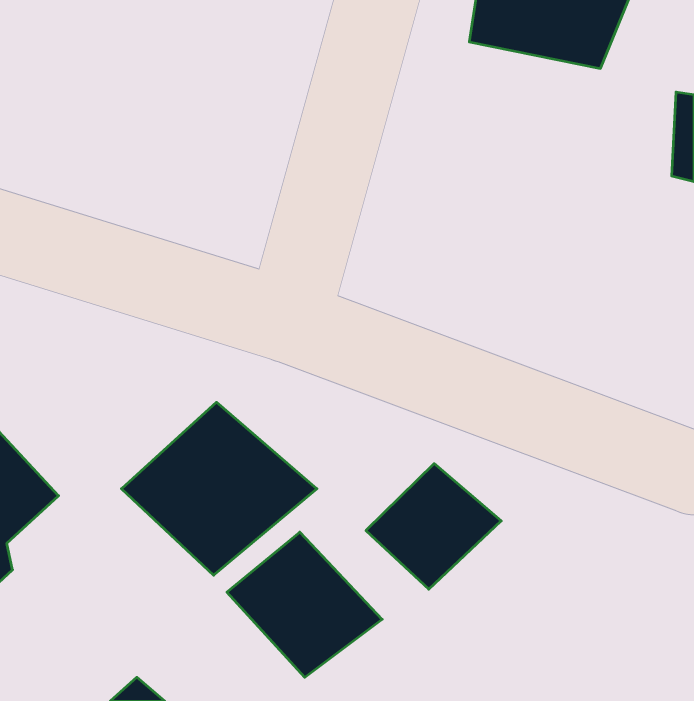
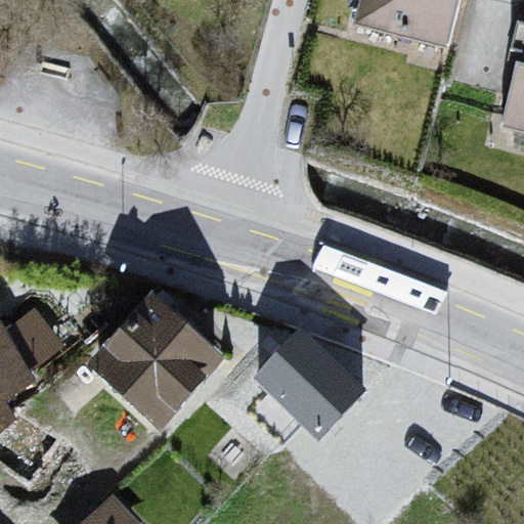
building: [227,532,382,677] -> none

